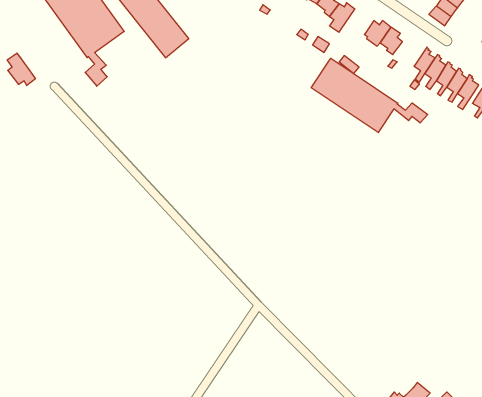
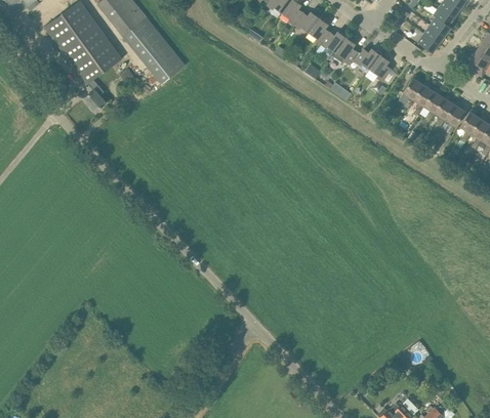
building: none -> [331,37,357,65]
building: [7,53,35,86] -> none
building: [311,58,428,133] -> none

